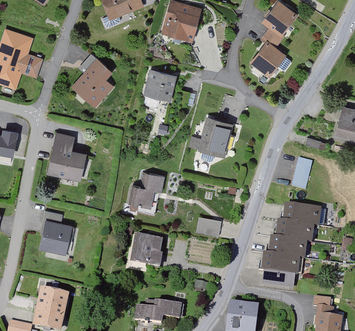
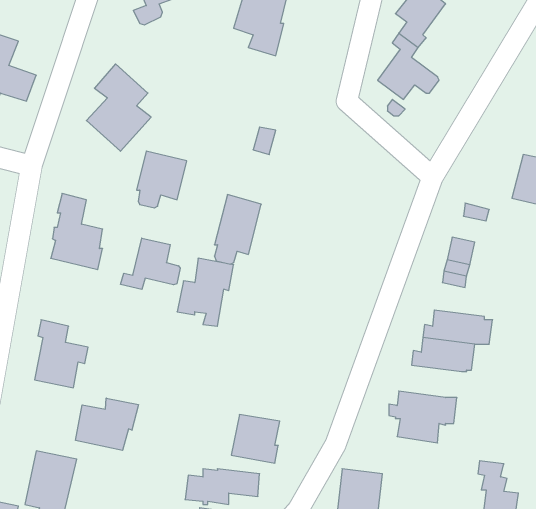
building: [145,69,176,104] -> [137,151,187,208]
building: [201,118,230,161] -> [214,195,261,264]
building: none -> [121,238,180,289]
building: [198,216,223,236] -> none
building: [131,235,161,265] -> [231,415,280,463]
building: [266,237,305,257] -> none
building: none -> [76,398,138,450]

